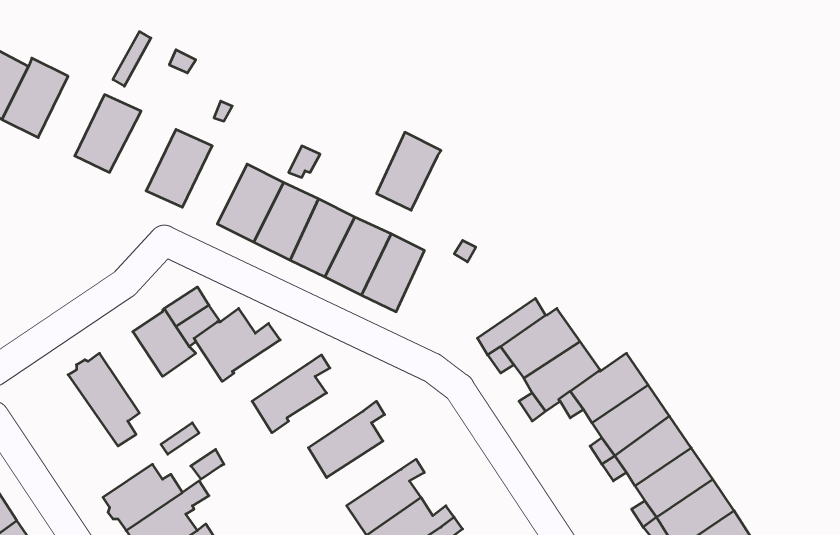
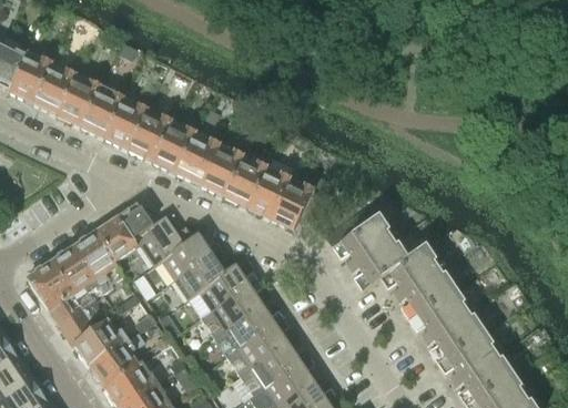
building: none -> [30,61,74,114]
building: none -> [78,84,122,137]
building: [377,132,441,210] -> [270,177,313,230]
building: none -> [126,108,170,160]
building: none -> [71,232,121,293]
building: none -> [160,234,220,278]
building: none -> [28,261,113,344]
building: none -> [196,265,256,309]
building: none -> [223,305,283,348]

